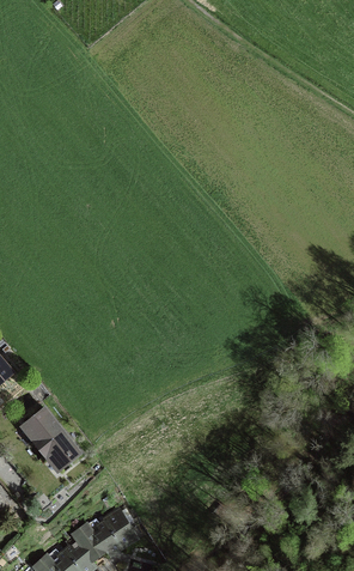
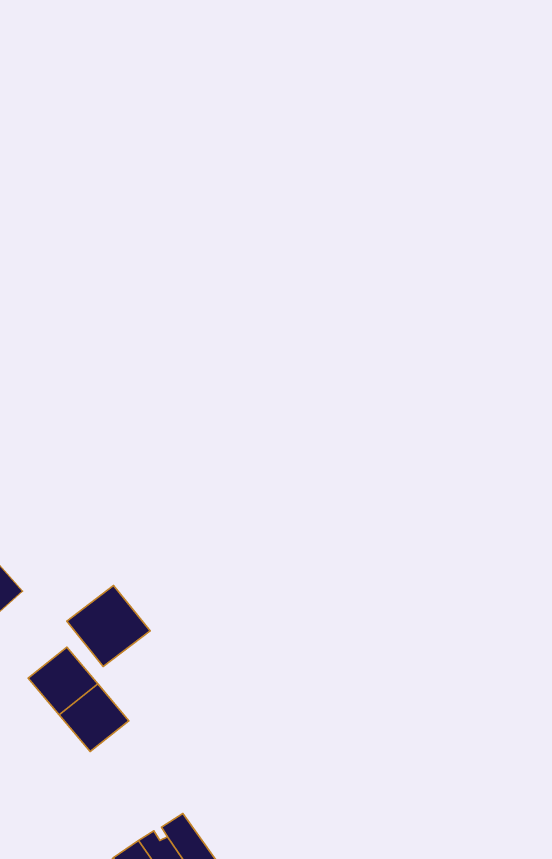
building: none -> [67,585,150,667]

